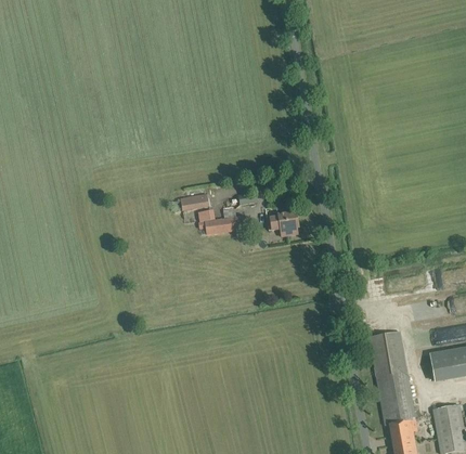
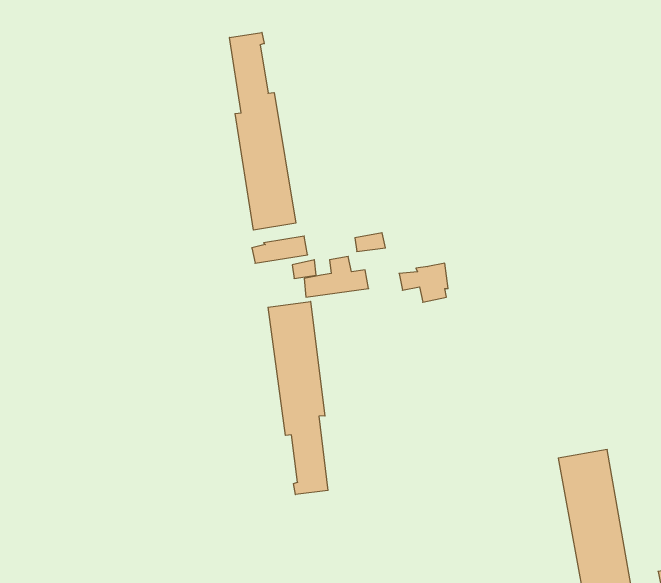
building: none -> [230,32,296,230]
building: none -> [268,301,328,495]

